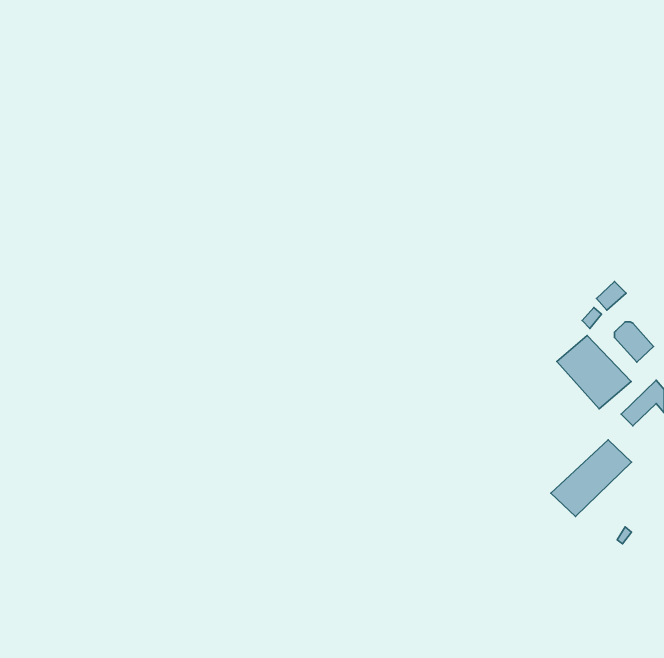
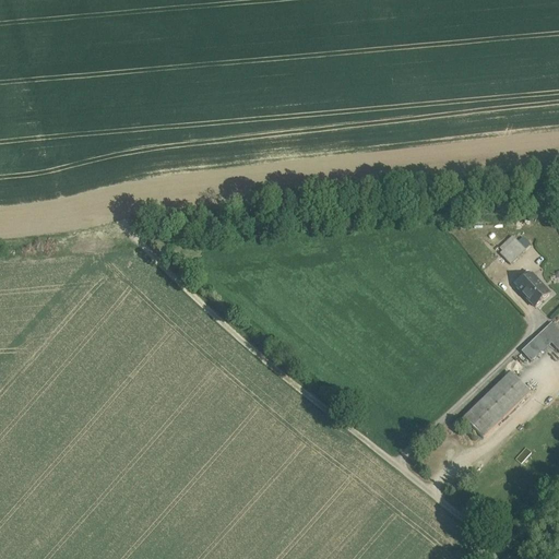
building: [557,336,631,409] -> none

